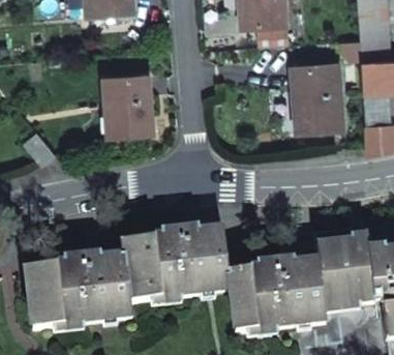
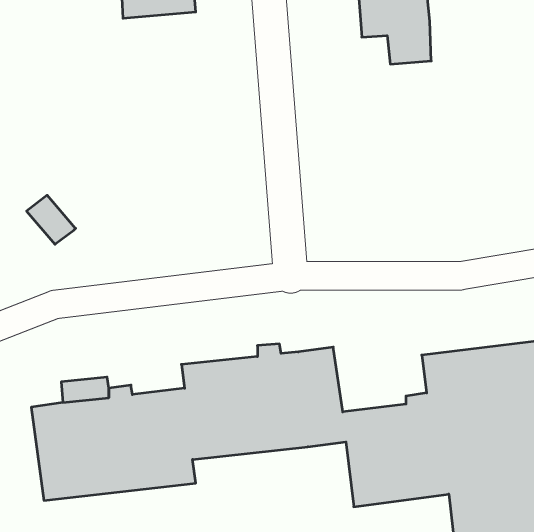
building: [293,62,345,130] -> none
building: [104,73,153,137] -> none

